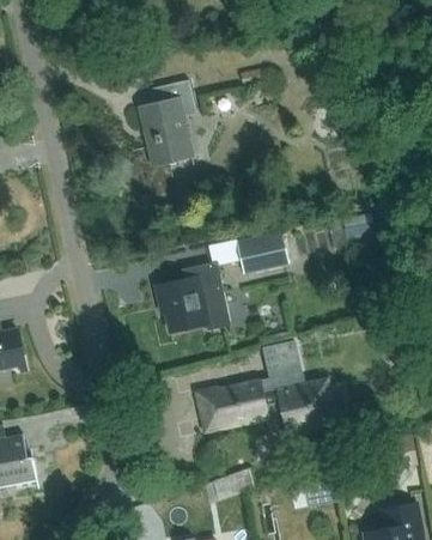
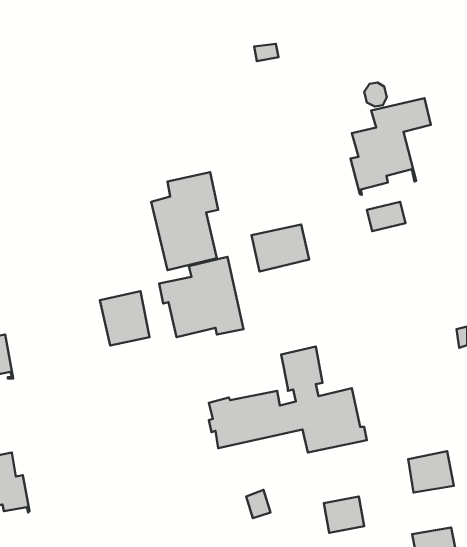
building: [136,80,196,168] -> [151,172,218,270]
building: none -> [351,98,431,195]
building: none -> [100,291,150,346]

